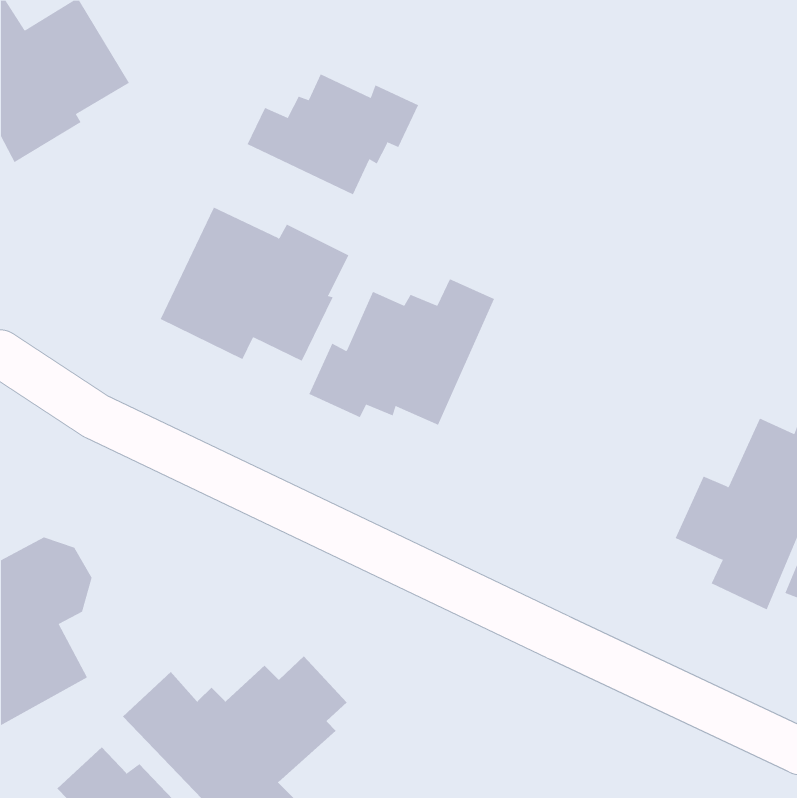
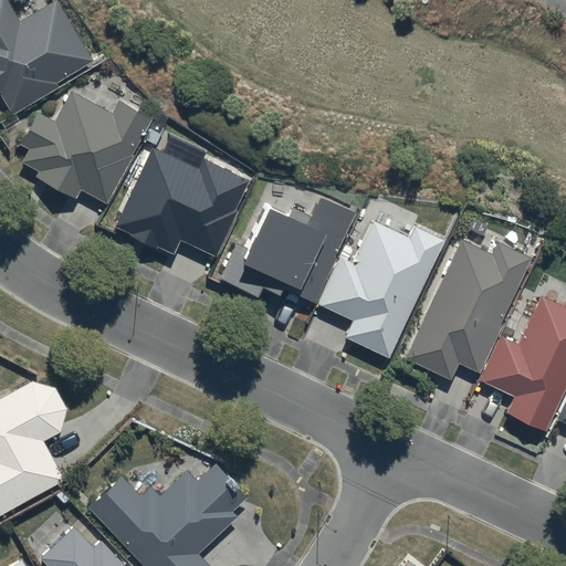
building: [247,74,419,195] -> none
building: none -> [19,92,151,205]
building: none -> [316,220,442,357]
building: none -> [403,239,531,380]

